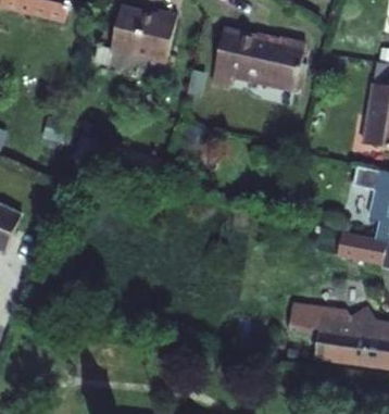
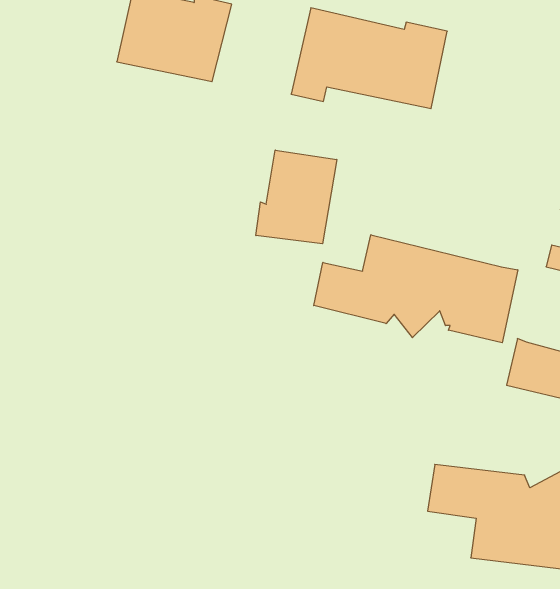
building: none -> [256,150,337,244]
building: none -> [314,235,518,343]

